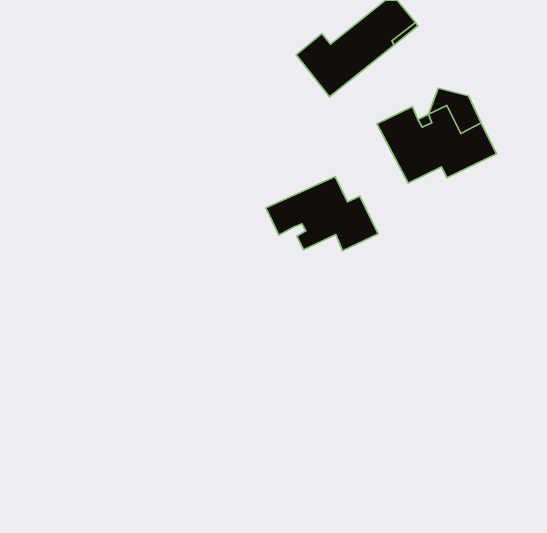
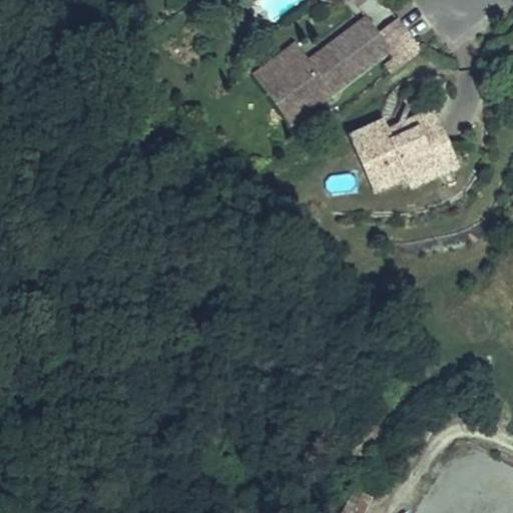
building: none -> [255,39,307,116]
building: [266,176,378,251] -> none

